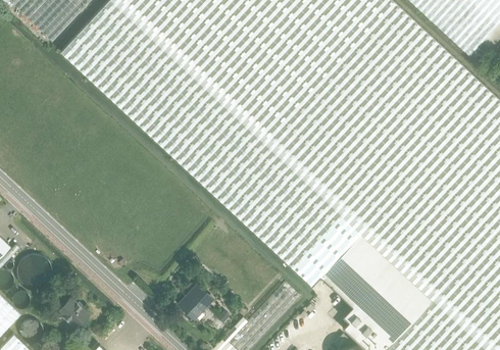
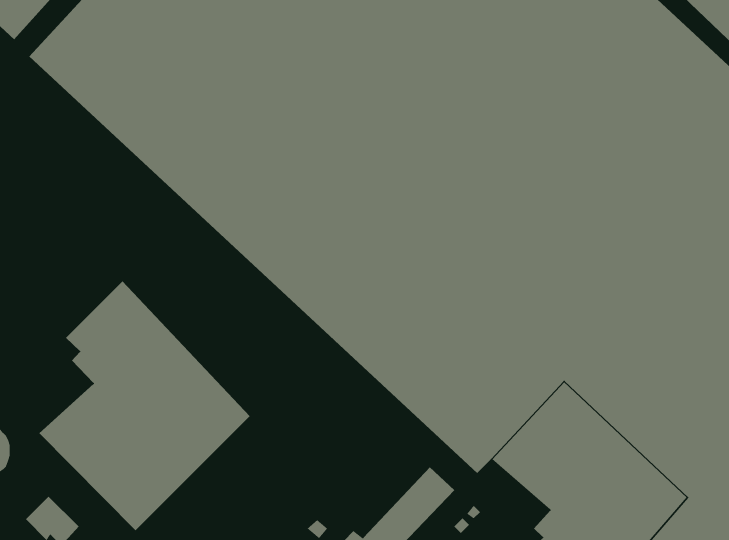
building: none -> [38,280,250,531]
building: [181,283,212,317] -> none

